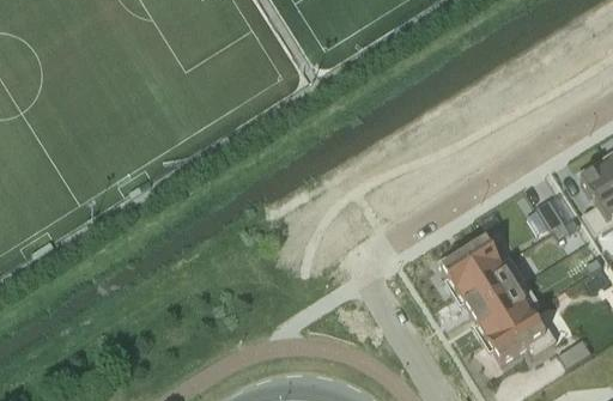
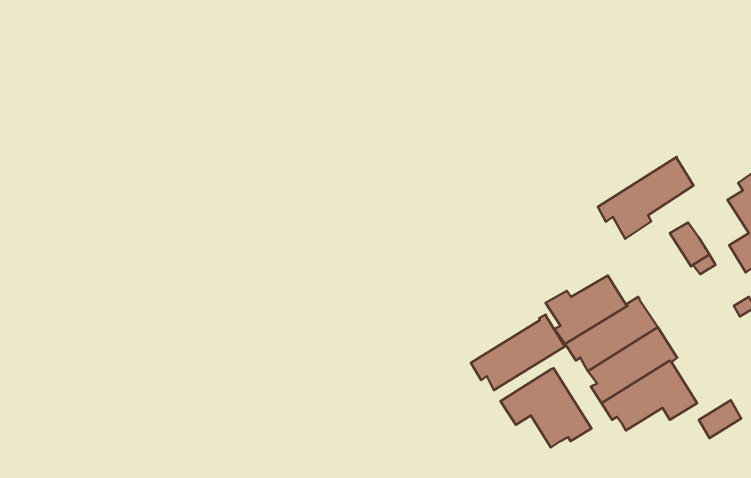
building: none -> [598,157,693,239]
building: none -> [471,315,565,390]
building: none -> [500,368,591,447]

